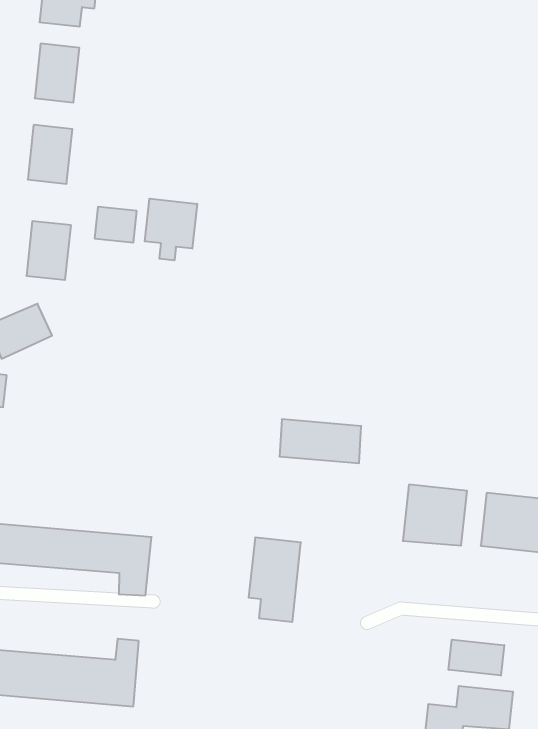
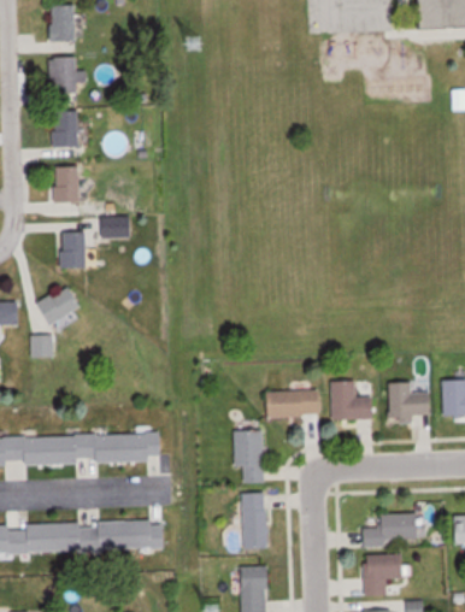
building: [145,199,197,260] -> none
building: [279,419,361,463] -> [265,390,320,417]
building: none -> [241,493,267,548]
building: [449,640,504,676] -> none

